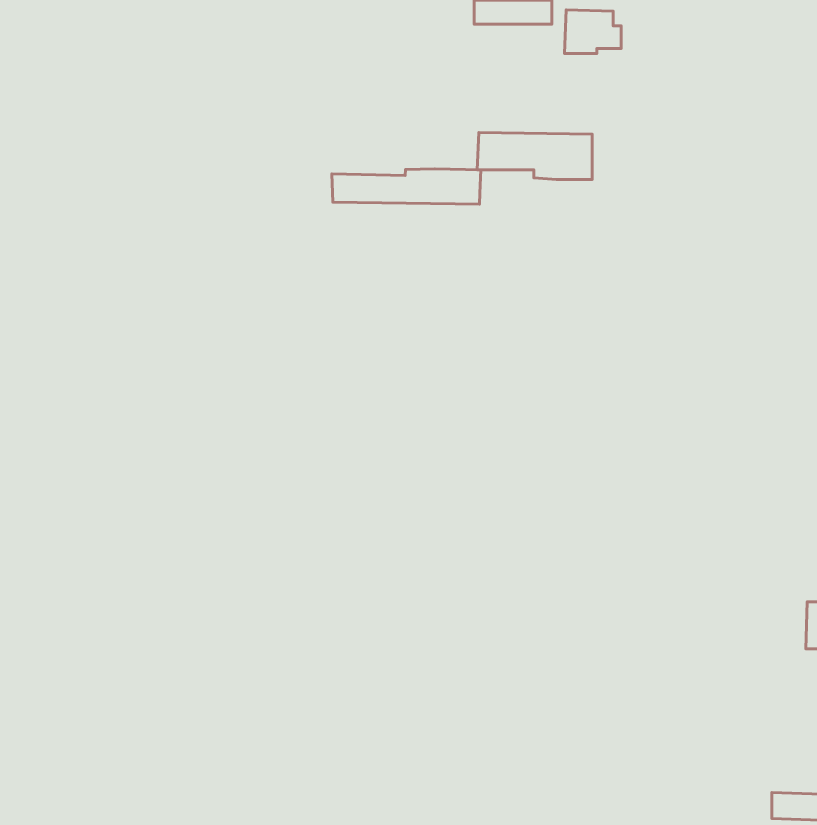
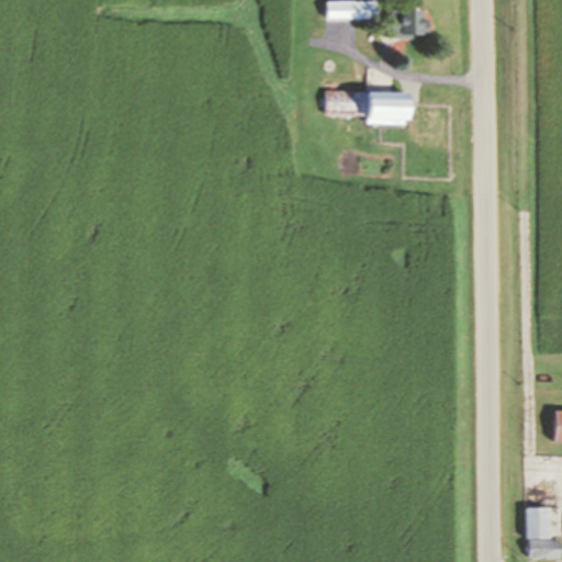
building: [332,169,481,204] -> none
building: none -> [528,506,551,538]

